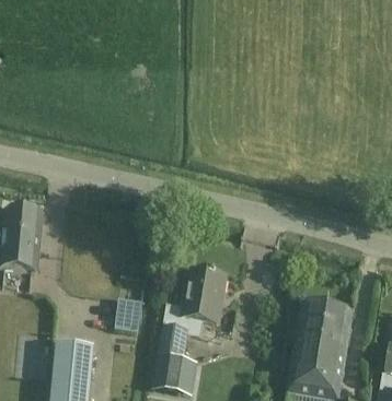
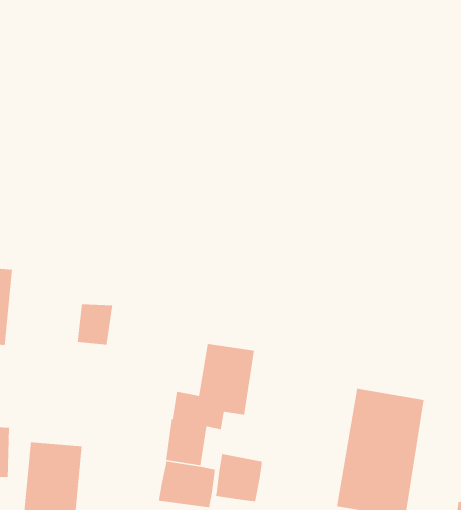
building: [115,297,142,329] -> [77,303,113,346]
building: none -> [215,453,263,502]

